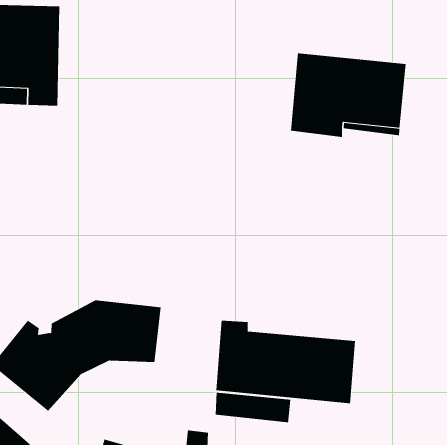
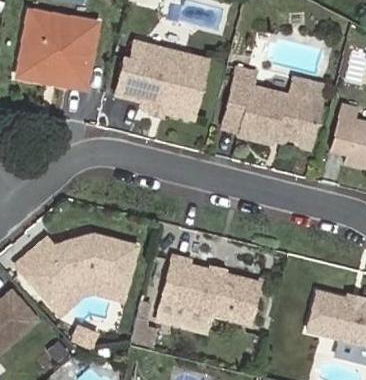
building: none -> [115,42,208,123]
building: none -> [46,265,122,303]

